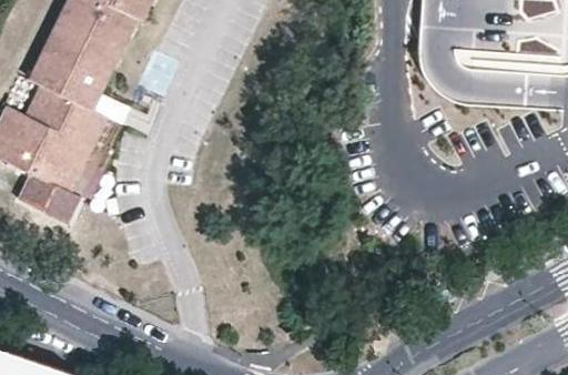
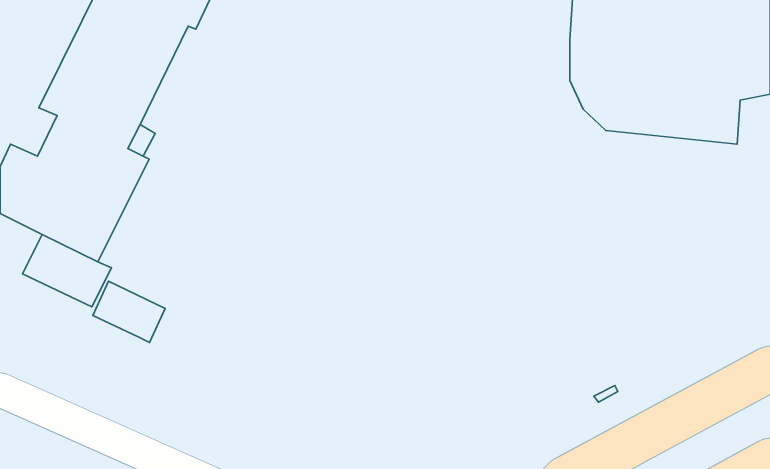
building: none -> [93,281,165,343]

